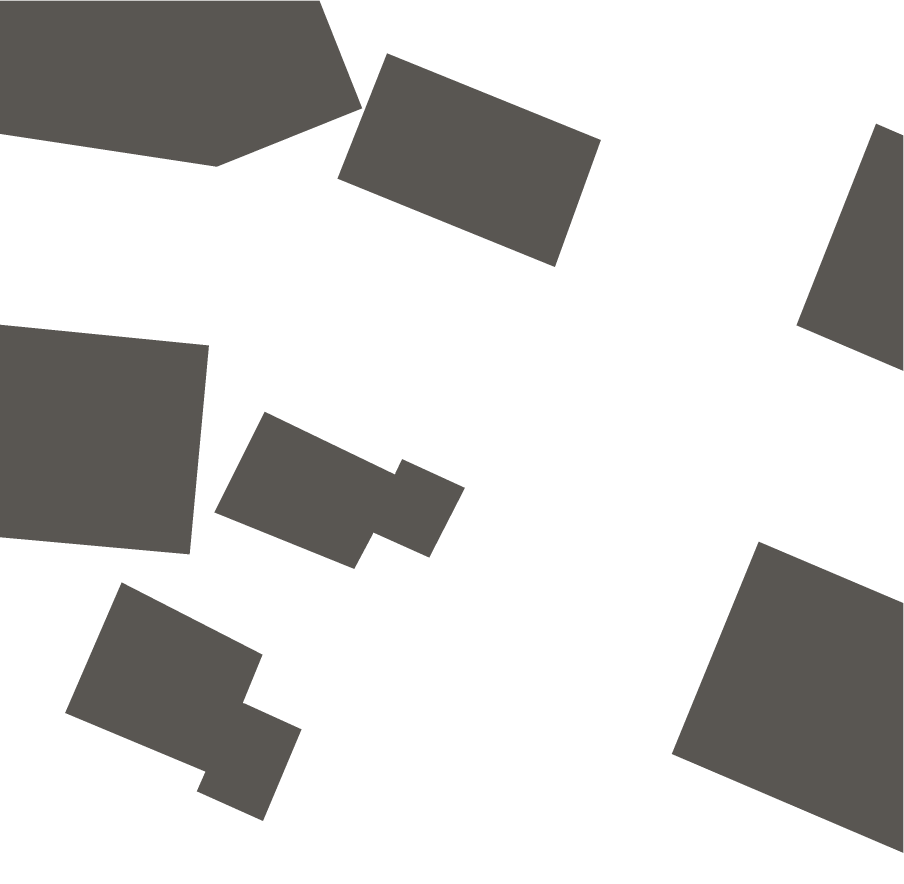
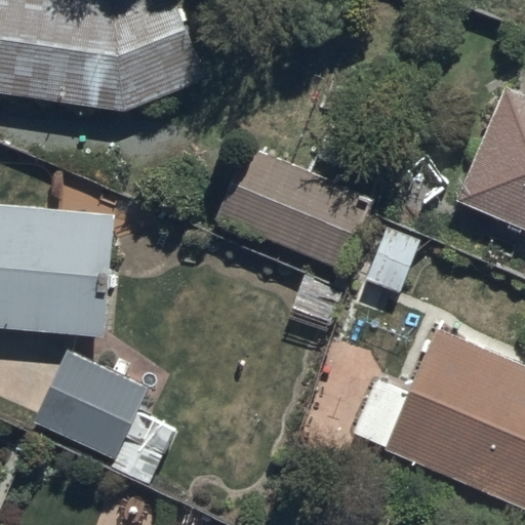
building: [337,53,602,268] -> [216,149,369,273]
building: [214,411,466,570] -> none

